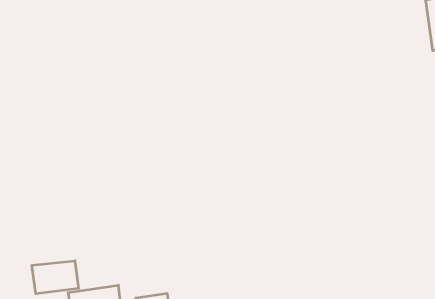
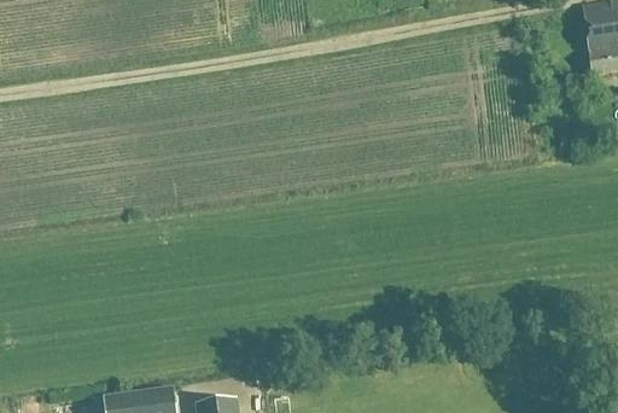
building: [32,261,79,294] -> none

